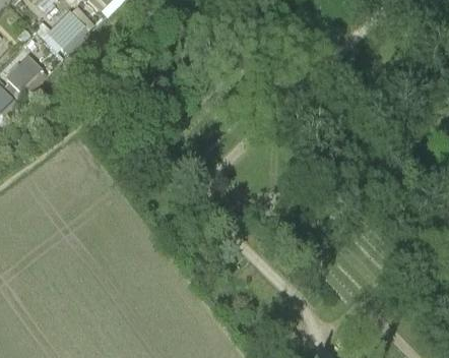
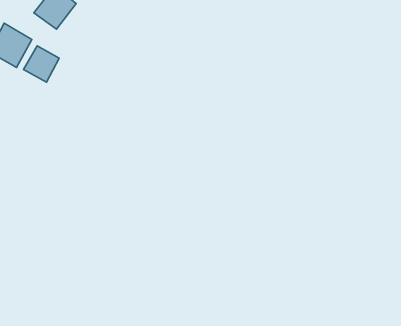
building: none -> [24,46,59,82]

